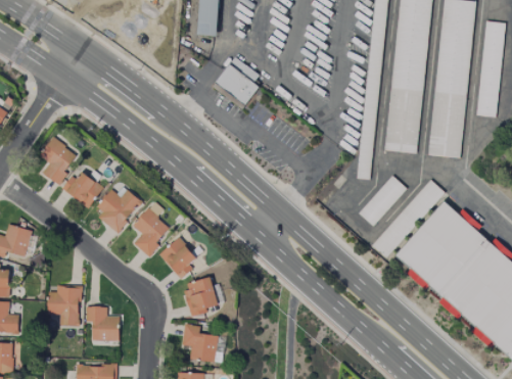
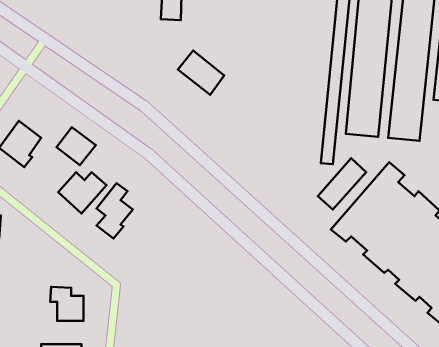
building: [63,169,103,207] -> [57,127,96,165]
building: [158,237,198,277] -> none
building: [183,277,217,316] -> none
building: [46,285,80,325] -> none
building: [181,324,217,361] -> none

